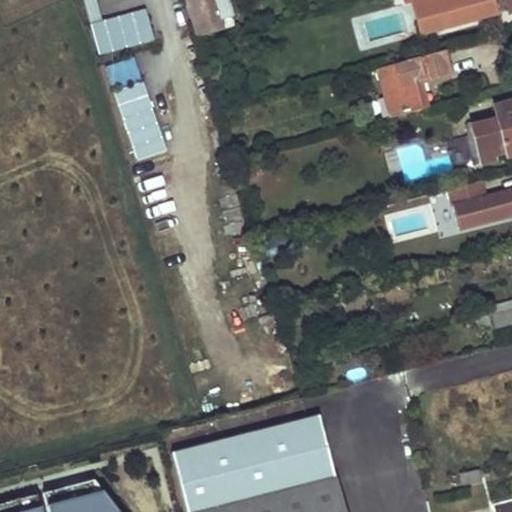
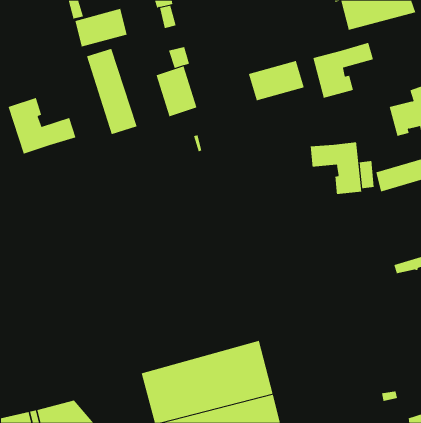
building: none -> [248,60,304,101]
building: none -> [156,66,197,117]
building: none -> [8,97,76,155]
building: none -> [310,141,362,195]

